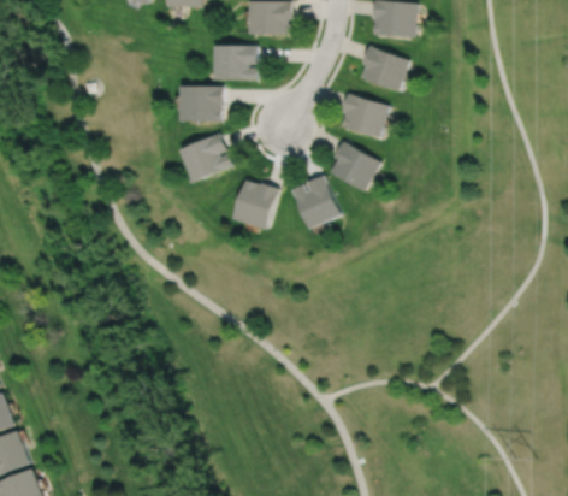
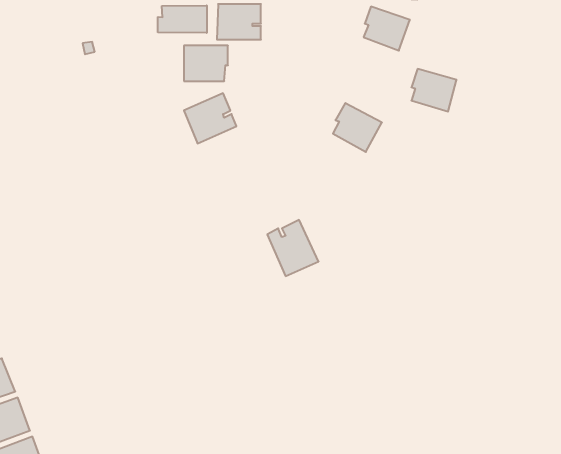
building: none -> [158,5,207,33]
building: [339,93,384,135] -> [411,69,457,112]
building: [290,175,341,230] -> [267,220,319,276]
building: [235,178,279,228] -> none

